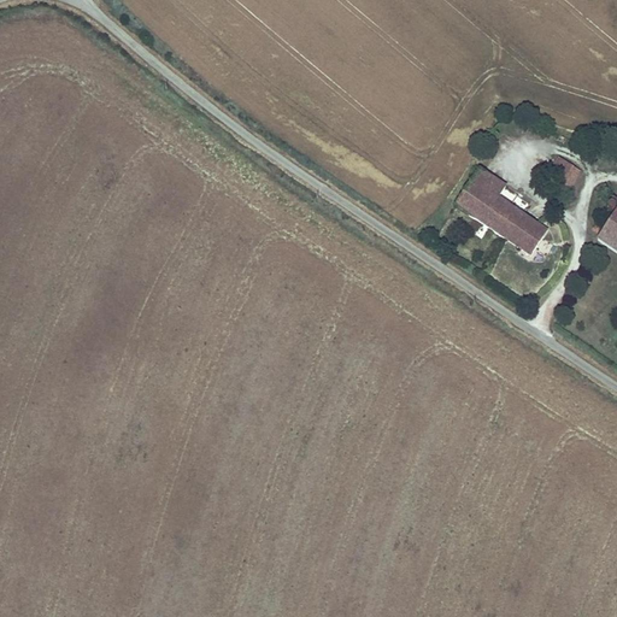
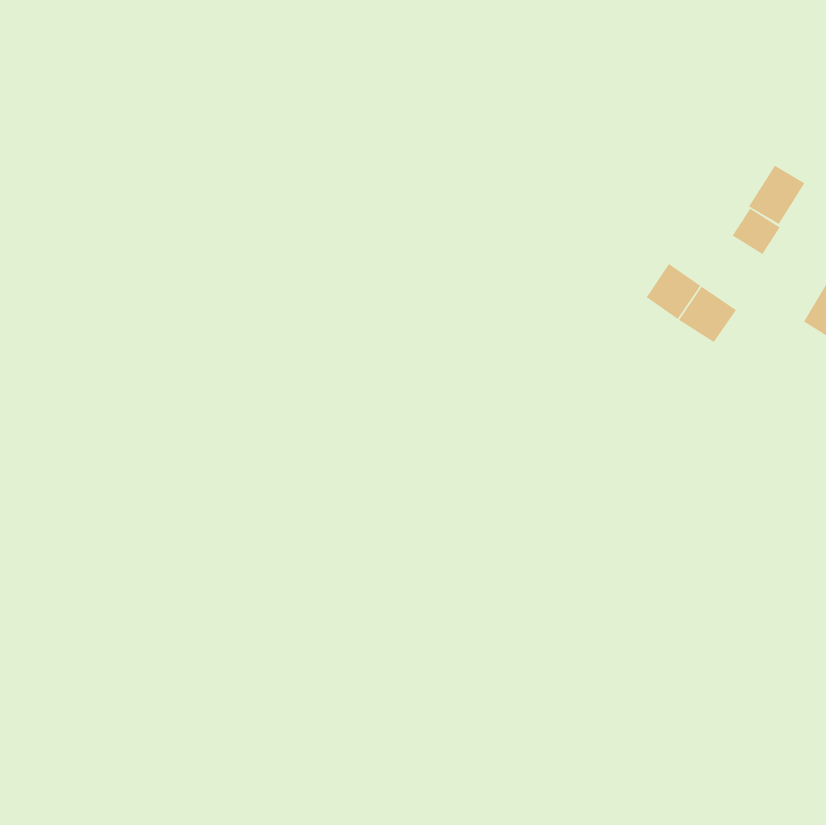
building: none -> [748,165,805,225]
building: [456,165,507,221] -> none

